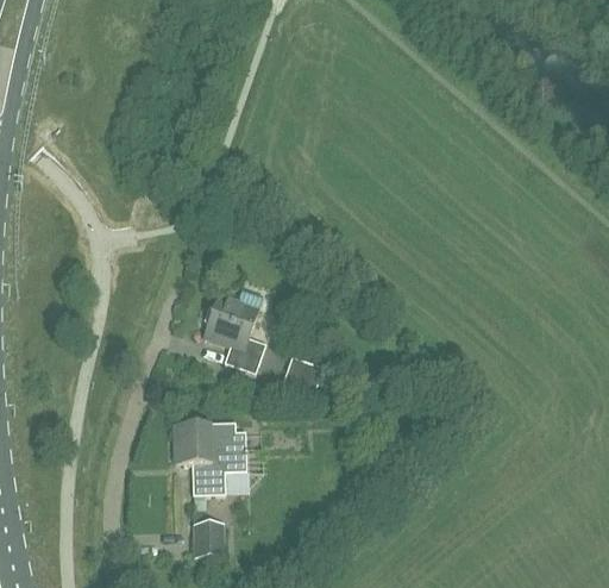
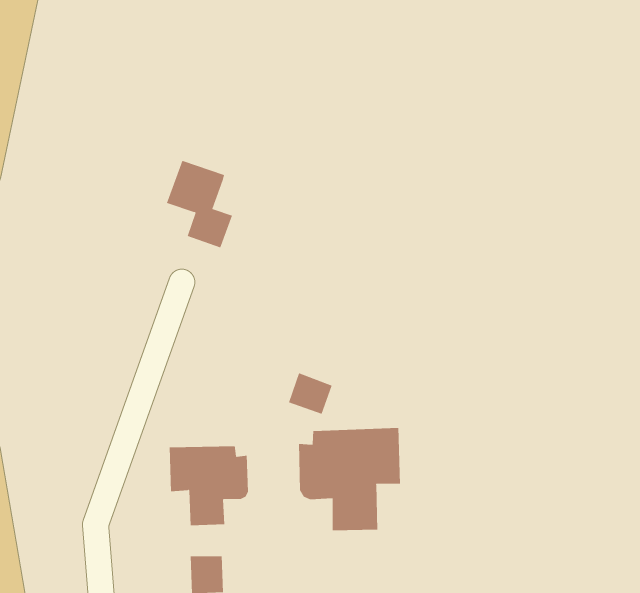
building: [203,288,265,374] -> [165,154,233,248]
building: none -> [299,427,400,531]

